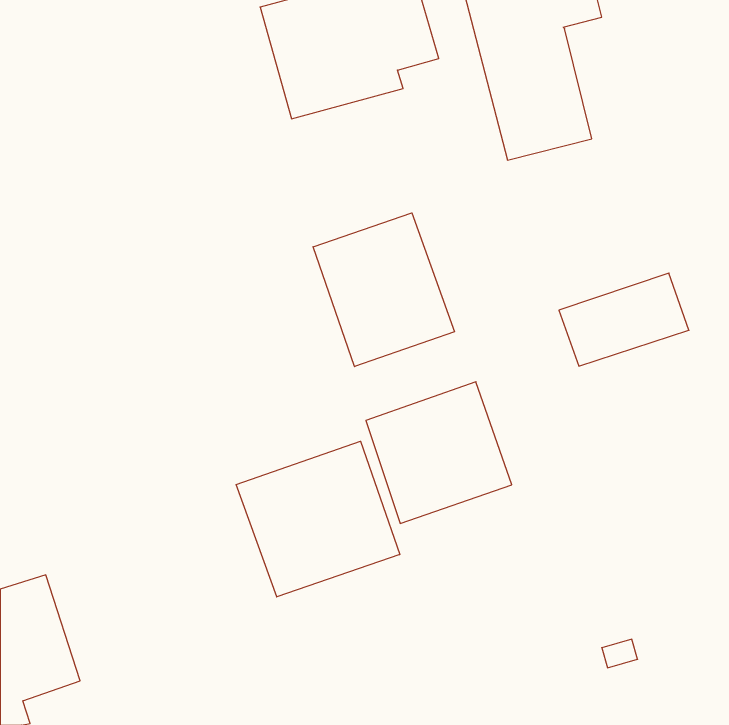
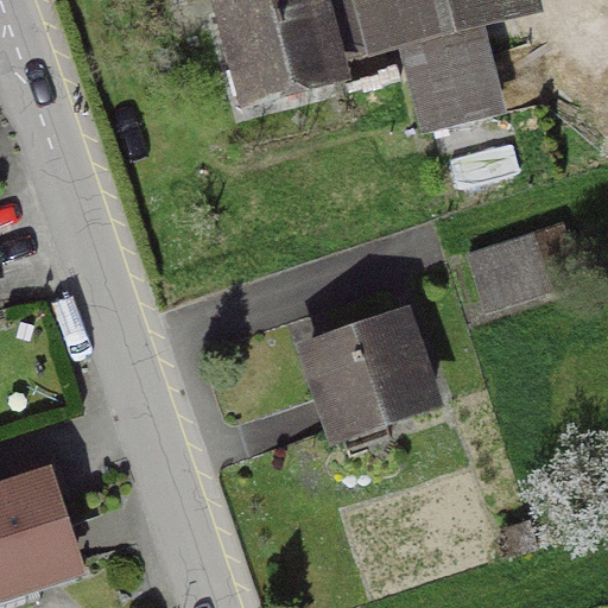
building: [313,213,455,367] -> none
building: [236,441,400,597] -> none

